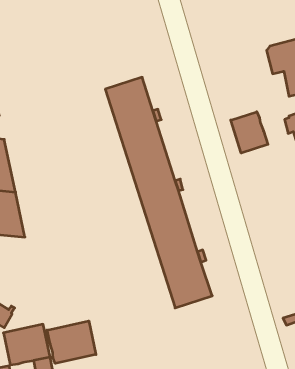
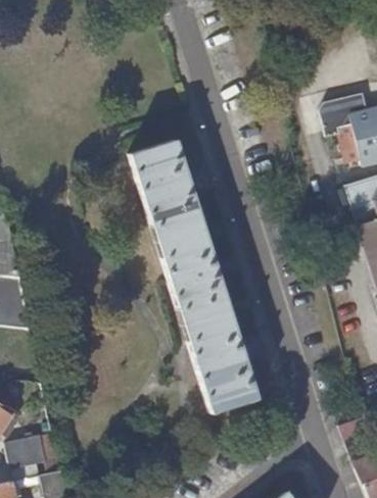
building: [231,112,268,153] -> none
building: [47,321,96,363] -> none

